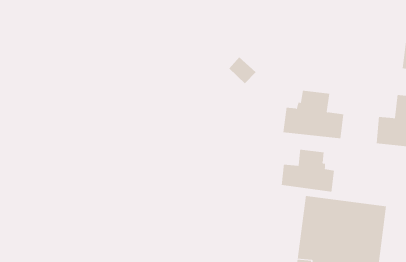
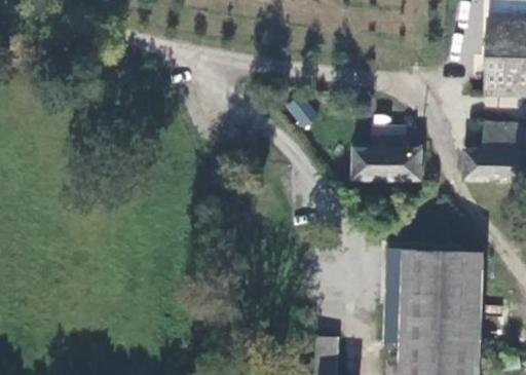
building: [281,149,334,192] -> none

